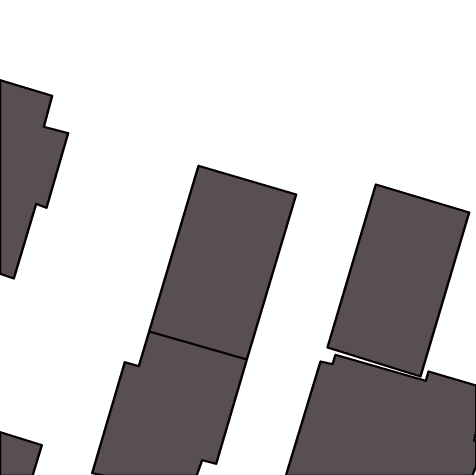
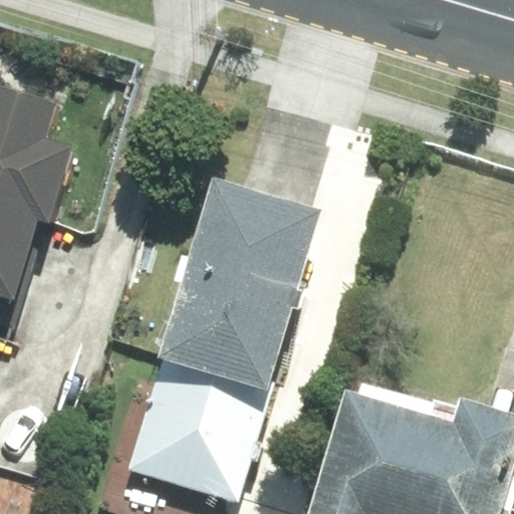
building: [327,185,469,376] -> none

